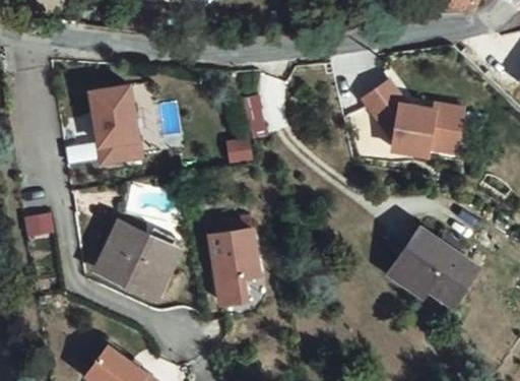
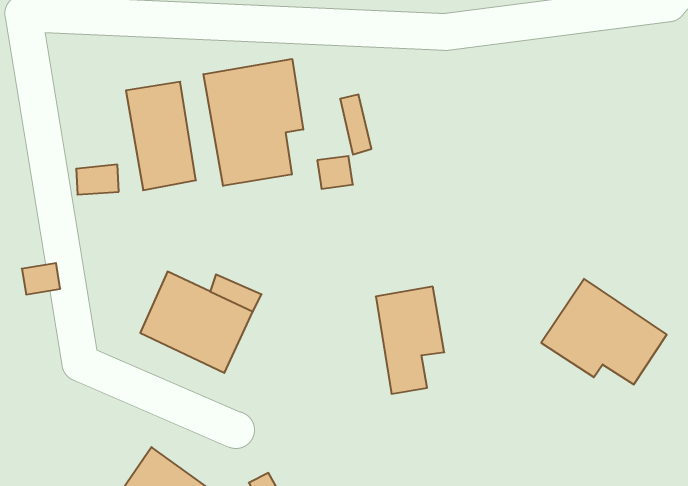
building: none -> [203,59,303,186]
building: [361,83,460,158] -> none
building: [212,227,261,303] -> [376,287,444,394]

